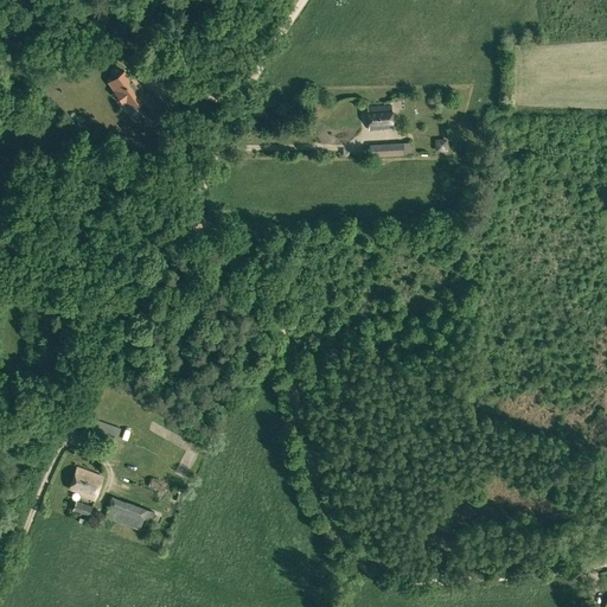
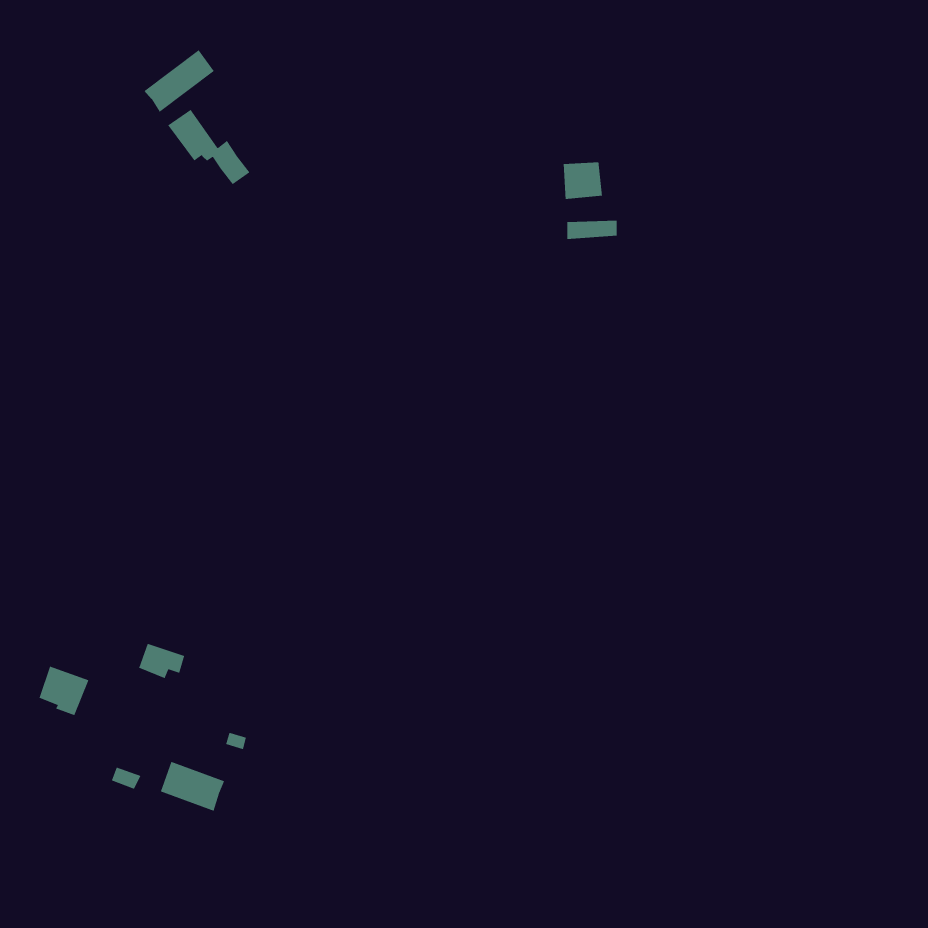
building: none -> [144,49,215,113]
building: [70,467,103,500] -> [39,665,89,716]

